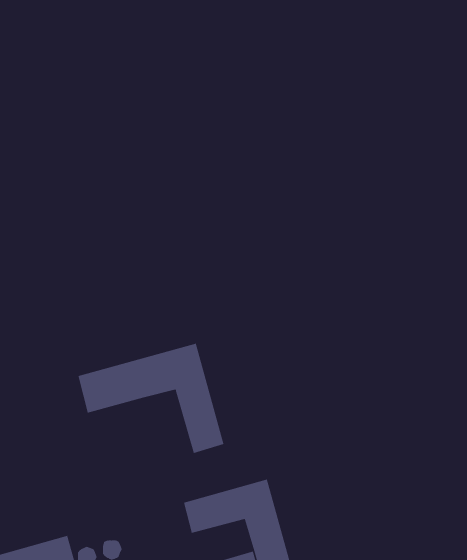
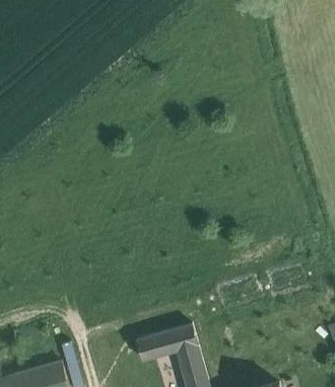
building: [78,343,224,454] -> none

